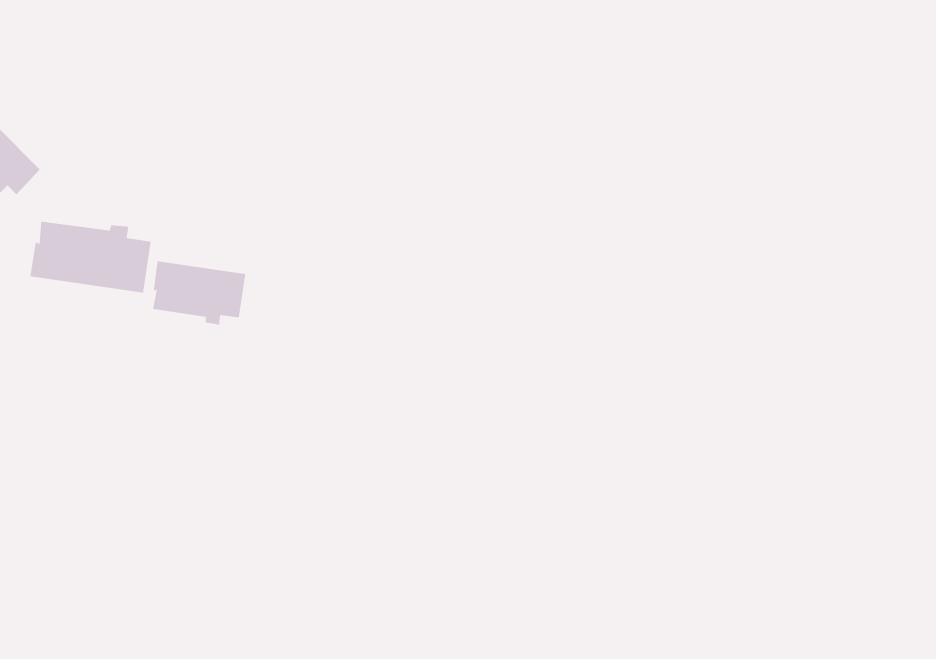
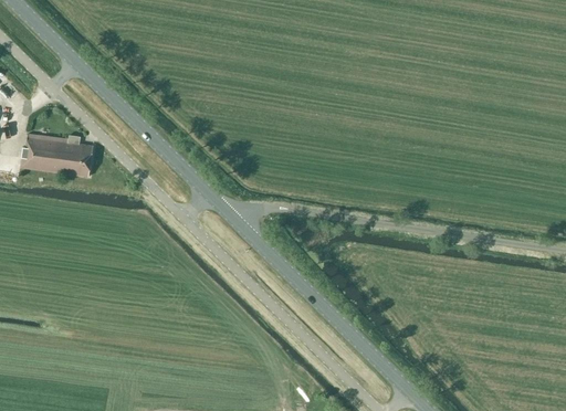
building: [152,261,246,325] -> none

